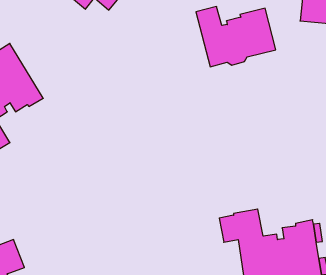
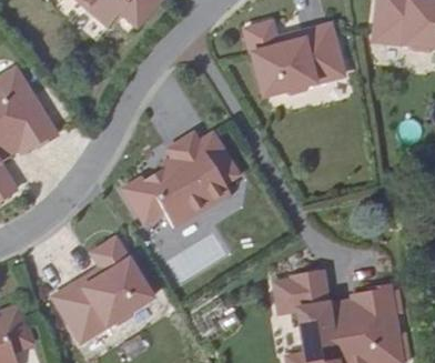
building: none -> [125,133,239,228]
building: none -> [53,239,152,341]

